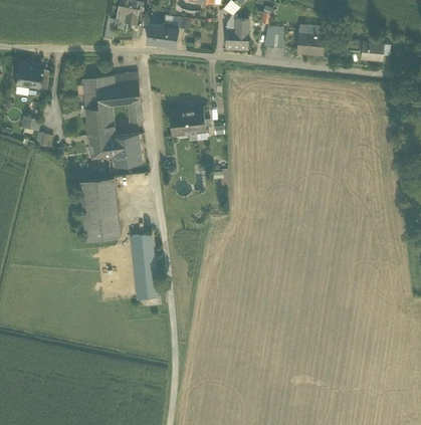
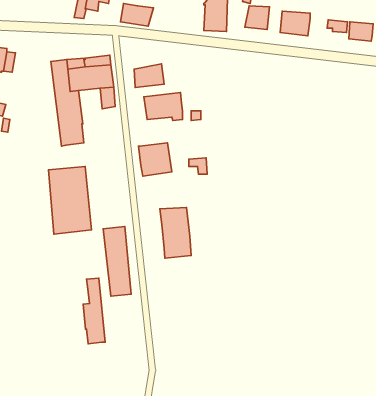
building: none -> [134,64,164,87]
building: [111,134,142,165] -> [139,143,172,176]
building: none -> [160,207,191,258]
building: none -> [83,278,105,344]

